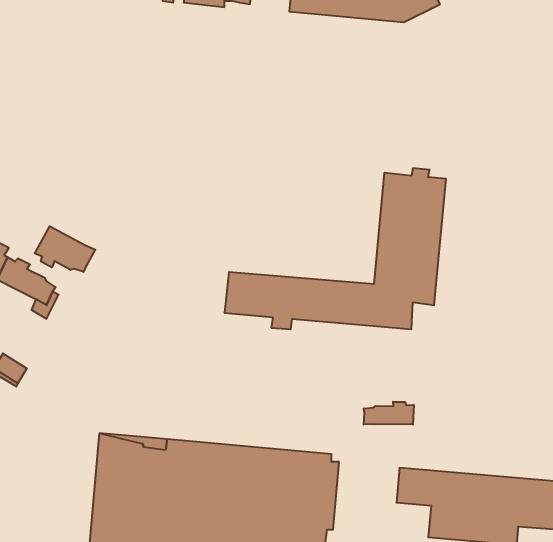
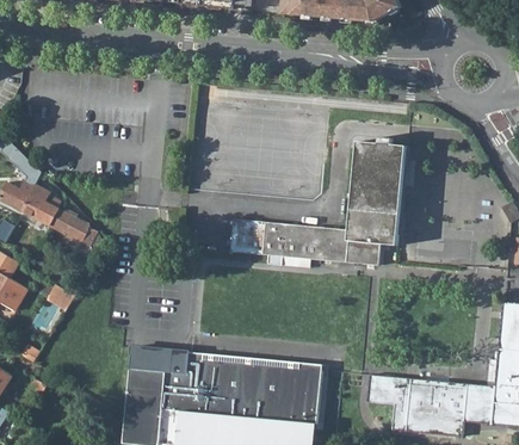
building: [35,226,95,272] -> none
building: [364,402,414,425] -> none

